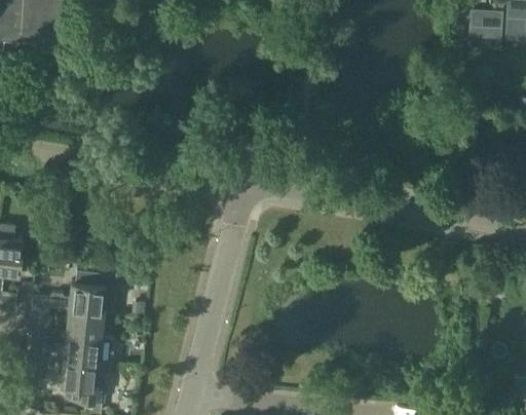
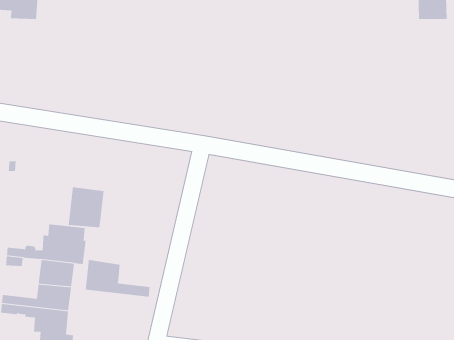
building: none -> [68,187,104,228]
building: none -> [85,259,150,297]

